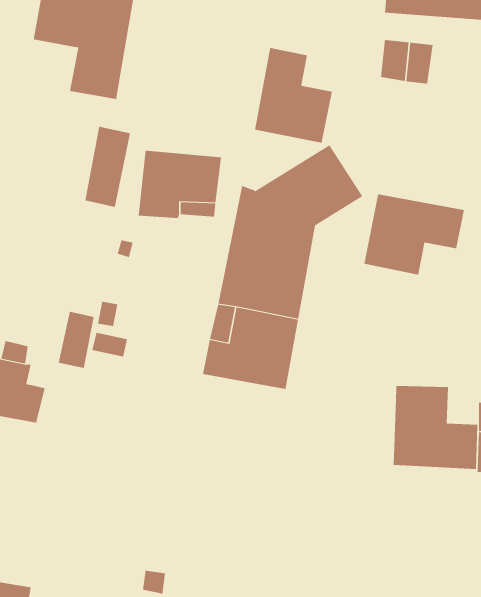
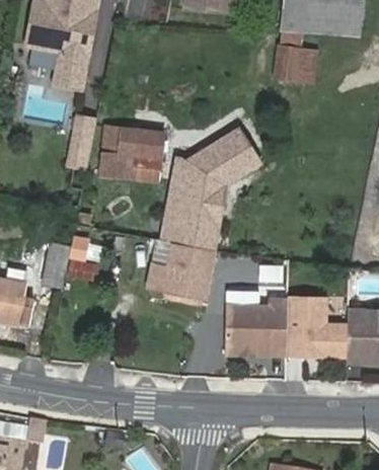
building: [254,47,333,144] -> none
building: [364,193,465,276] -> none
building: none -> [225,301,288,356]

